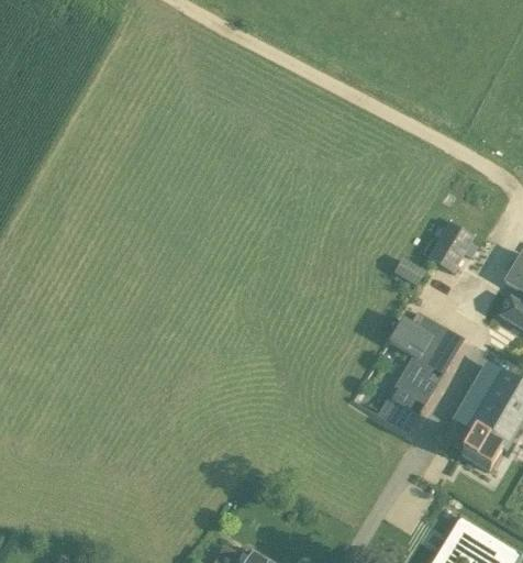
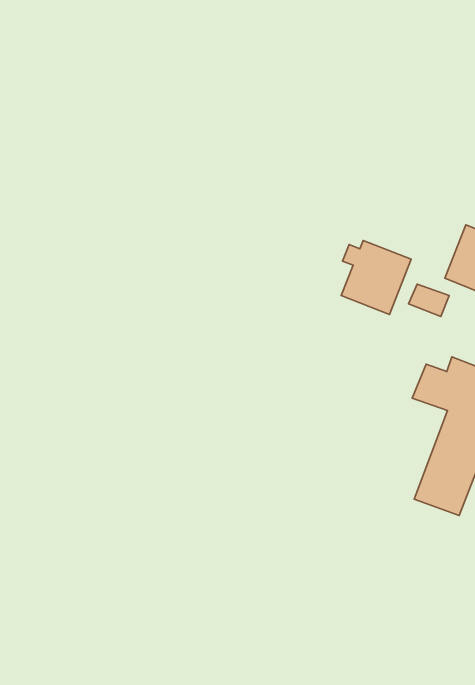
building: none -> [341,240,411,314]

